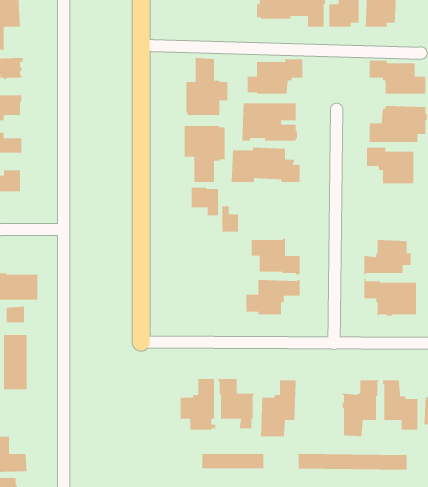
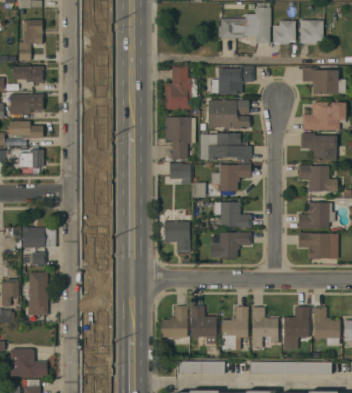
building: none -> [211,165,250,191]
building: none -> [297,165,337,192]
building: none -> [163,222,190,253]
building: none -> [251,307,277,349]

